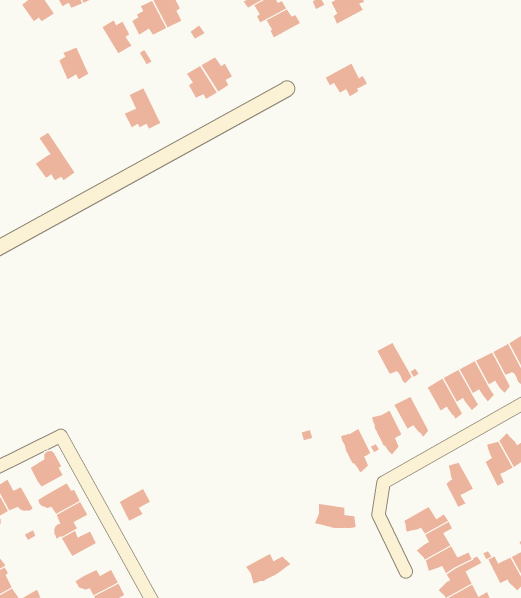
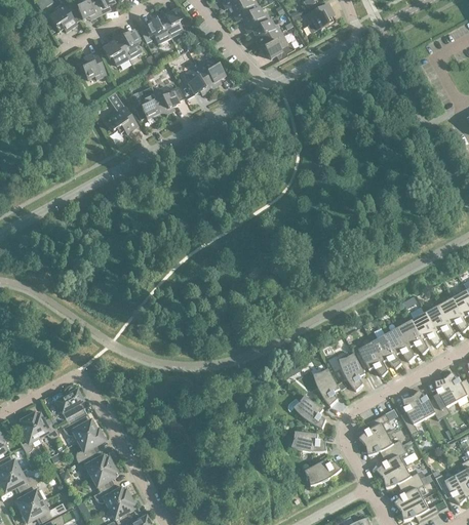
building: none -> [102,34,128,64]
building: [325,63,368,97] -> [258,31,294,59]
building: none -> [150,79,183,114]
building: [35,132,76,181] -> [103,90,136,131]
building: [377,342,412,385] -> [372,333,401,369]
building: none -> [412,389,443,418]
building: none -> [289,394,325,427]
building: none -> [358,411,389,444]
building: [119,488,151,522] -> [90,462,117,490]
building: [245,553,291,584] -> [304,458,342,484]

